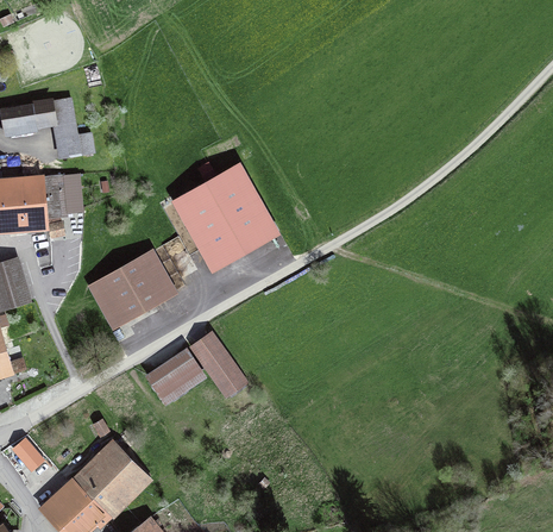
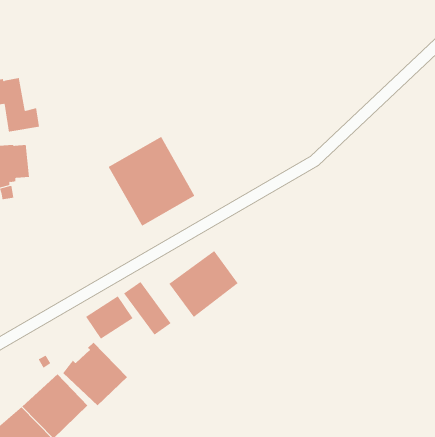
building: [94,251,174,324] -> none
building: none -> [168,250,239,318]
building: none -> [63,342,128,406]

